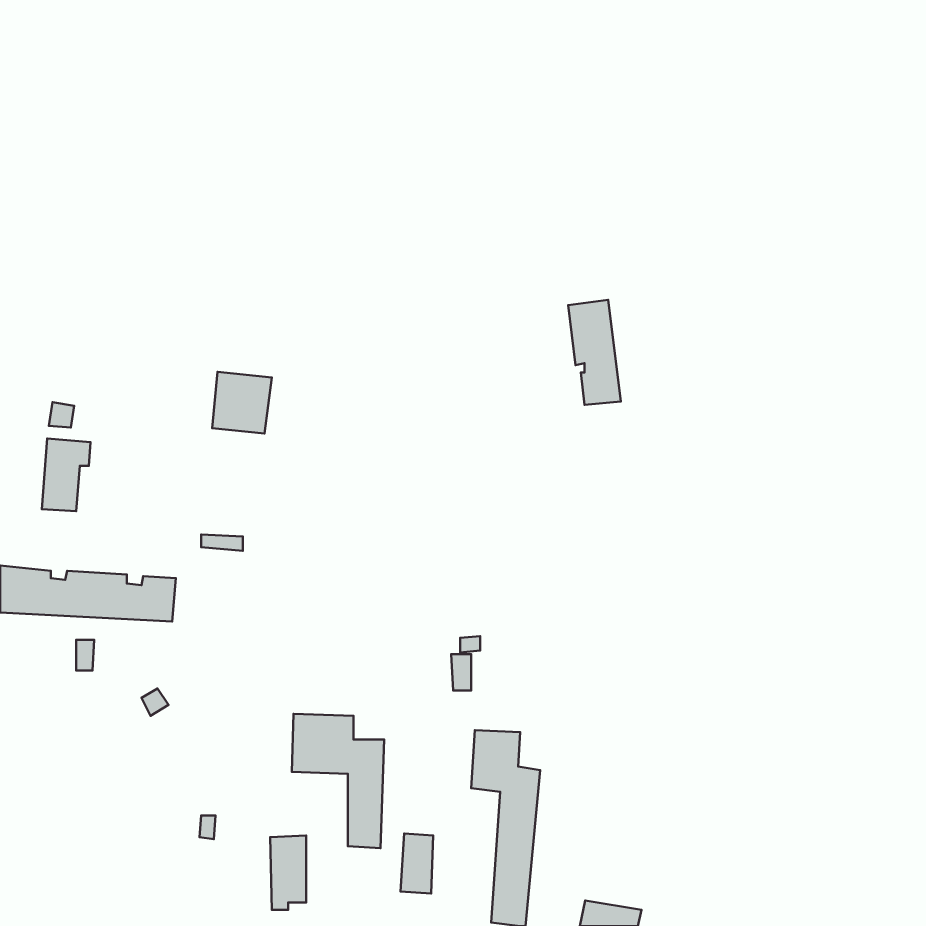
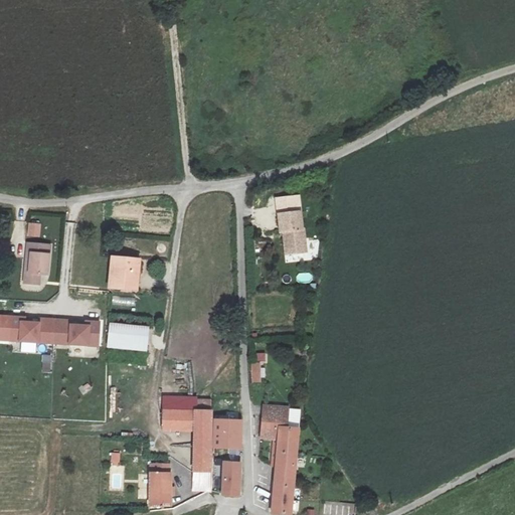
building: [568,300,621,405] -> [277,195,306,253]
building: [212,372,272,434] -> [108,256,141,291]
building: none -> [107,323,147,350]
building: none -> [213,419,240,448]

